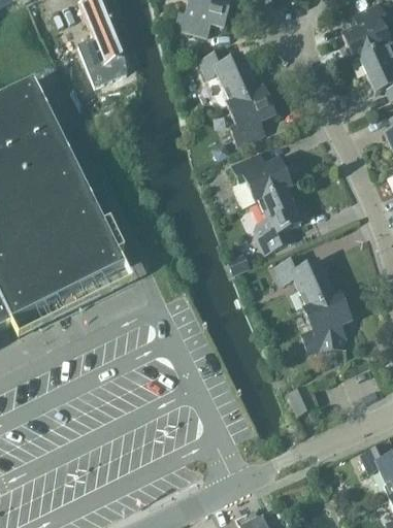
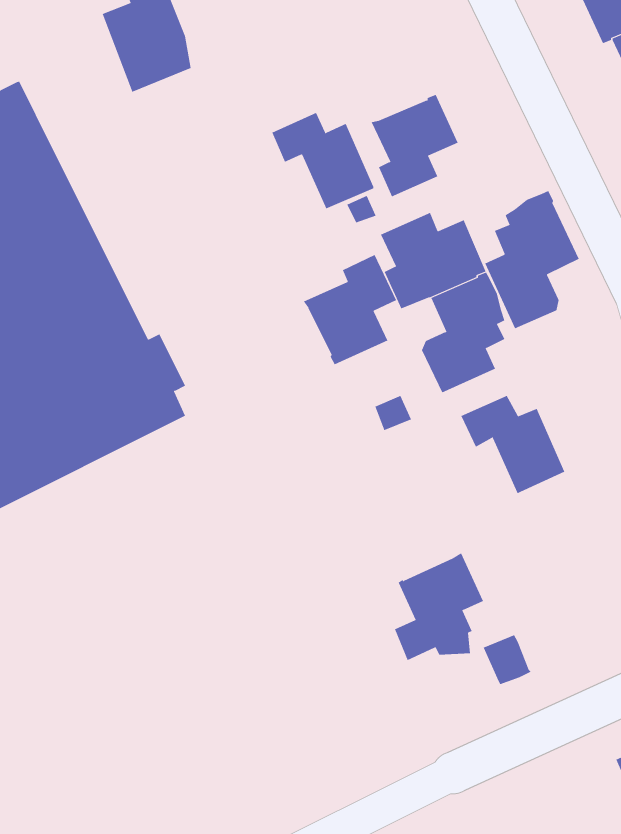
building: [201,48,258,102] -> [272,112,374,209]
building: none -> [484,190,579,329]
building: none -> [303,254,397,365]
building: [302,293,352,353] -> [394,553,484,661]

